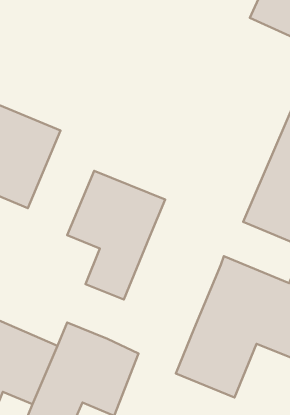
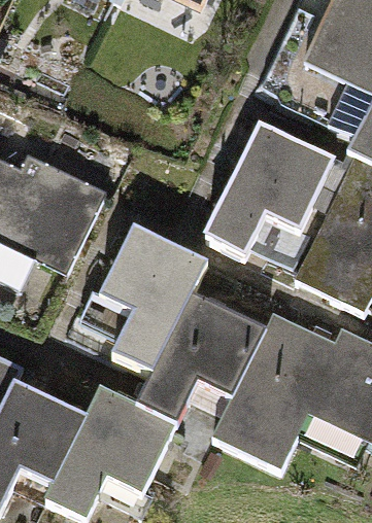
building: none -> [212,125,339,258]
building: none -> [150,298,272,423]

